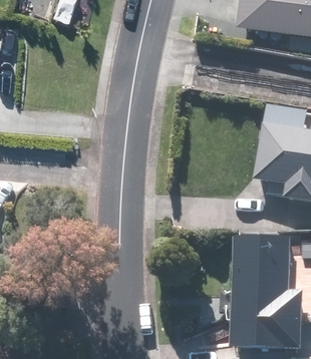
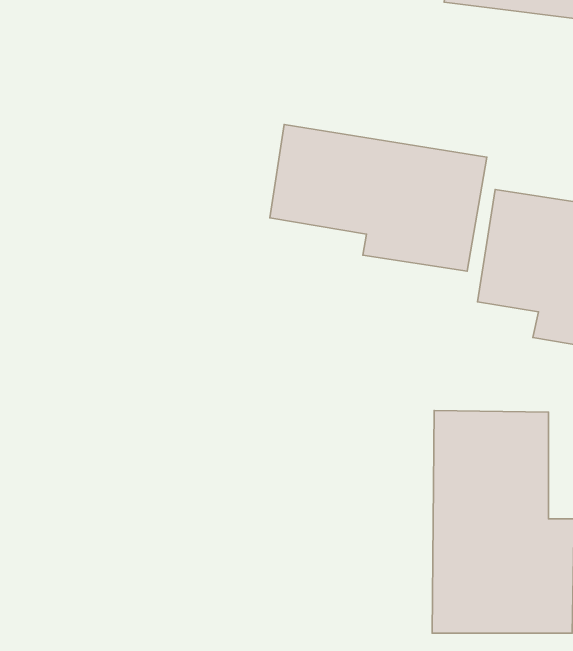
building: none -> [270,124,487,271]

